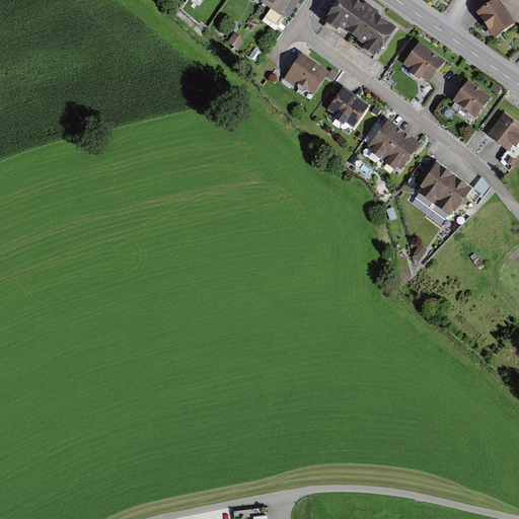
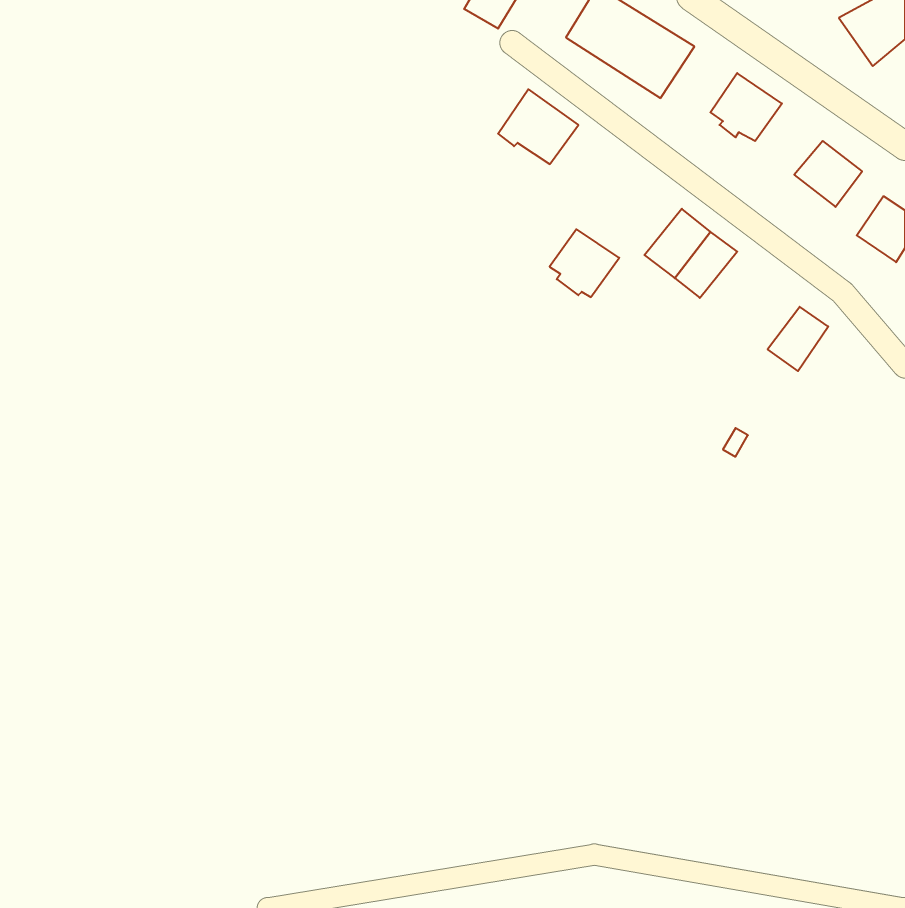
building: [327,87,367,126] -> [550,229,619,297]
building: [419,161,454,199] -> none

